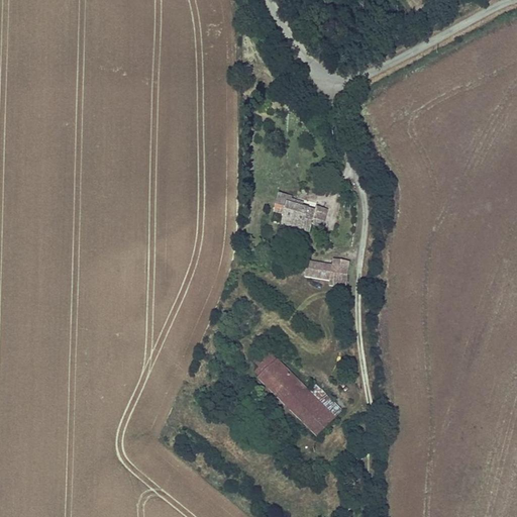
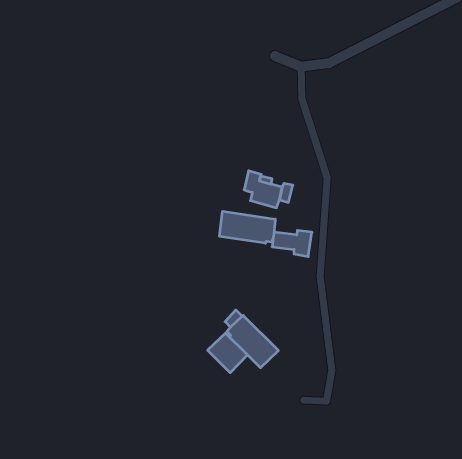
building: none -> [220,211,275,243]
building: [291,392,335,436] -> [208,333,247,373]

